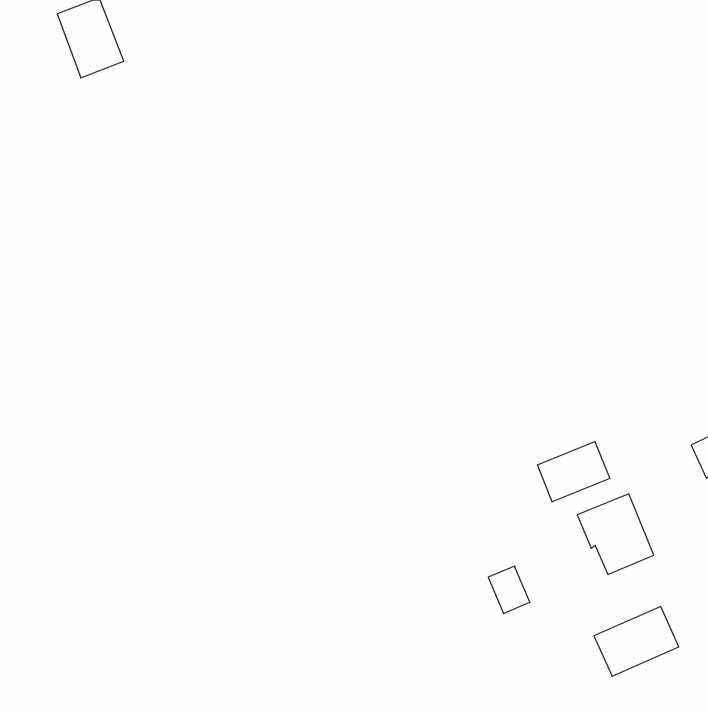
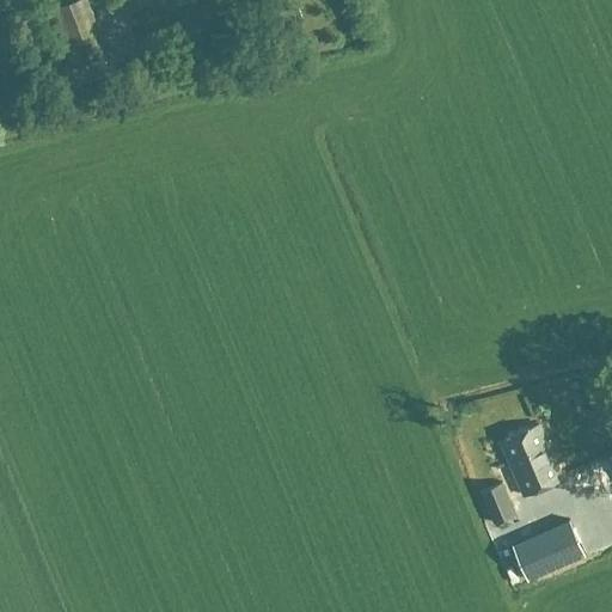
building: [537,441,610,502] -> none
building: [488,566,530,613] -> [479,483,515,524]

